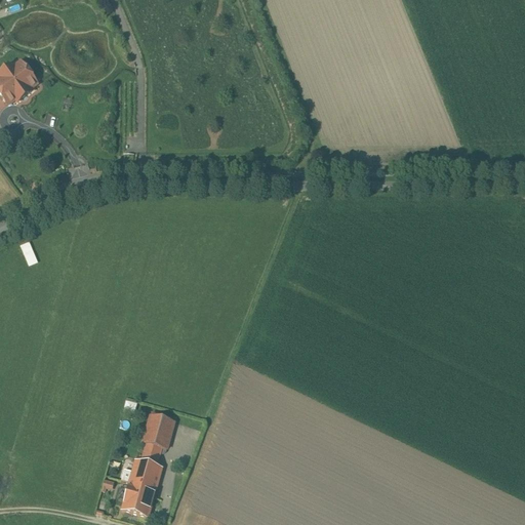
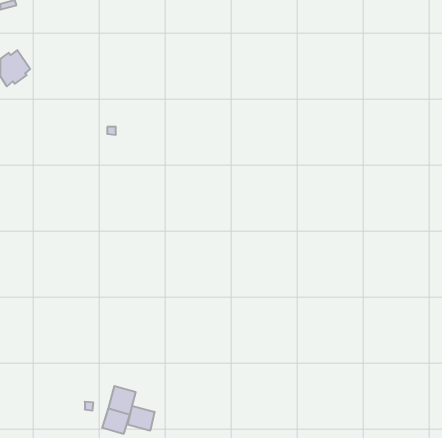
building: [143,413,173,447] -> none
building: none -> [128,406,155,431]

